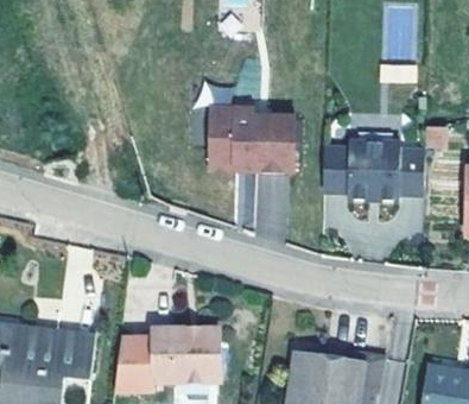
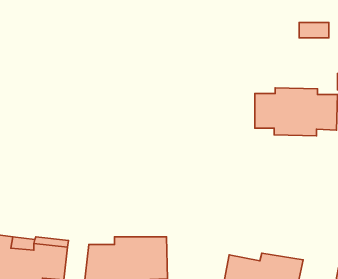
building: [210,107,297,173] -> none

